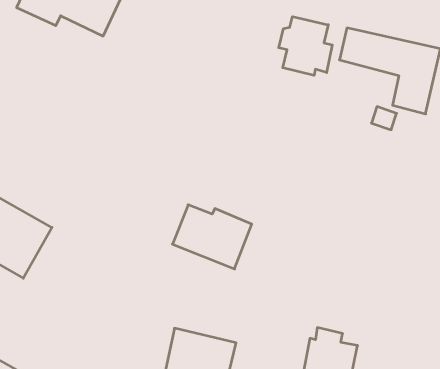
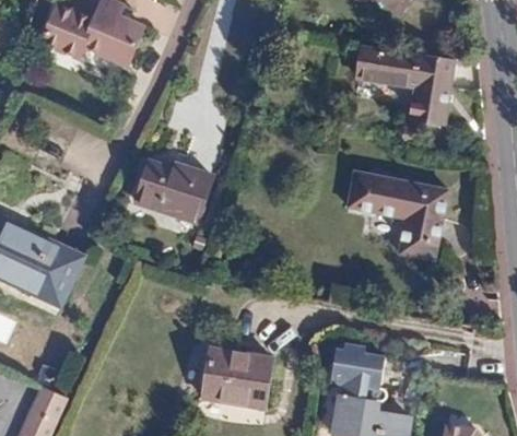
building: [279,17,332,75] -> none
building: none -> [348,170,446,259]
building: [172,205,252,269] -> [136,161,212,221]

